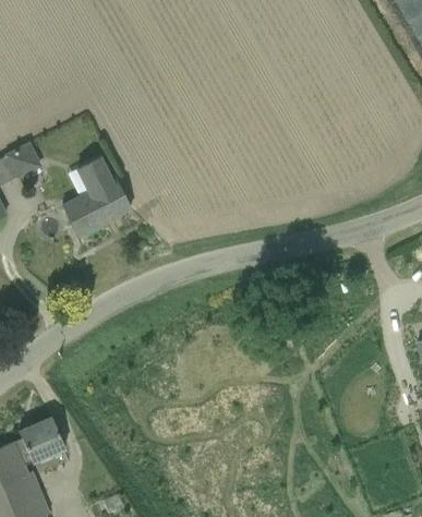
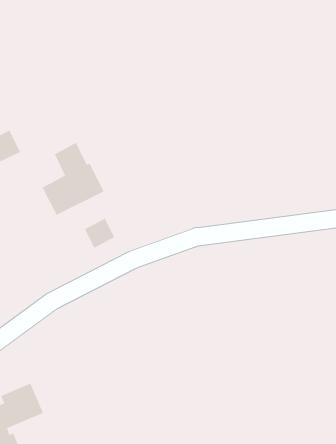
building: none -> [84,218,115,248]

